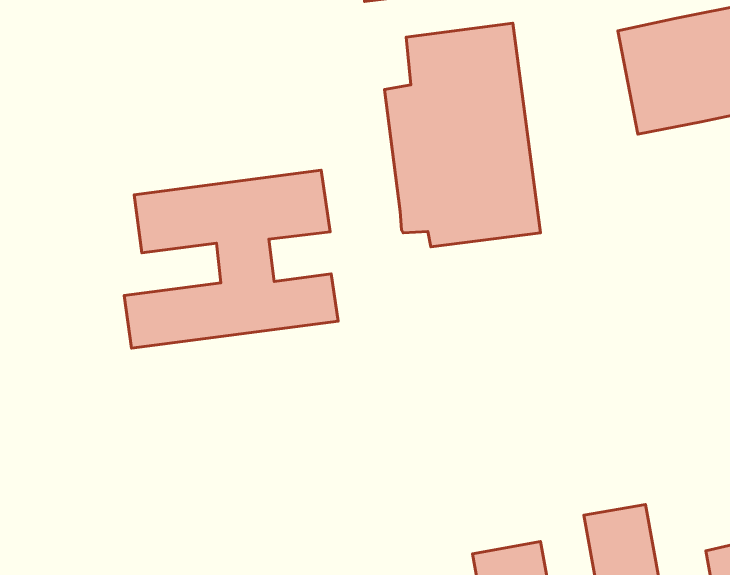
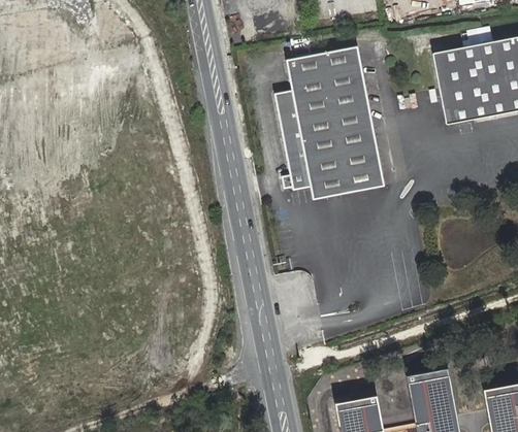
building: [124,170,338,348] -> none

